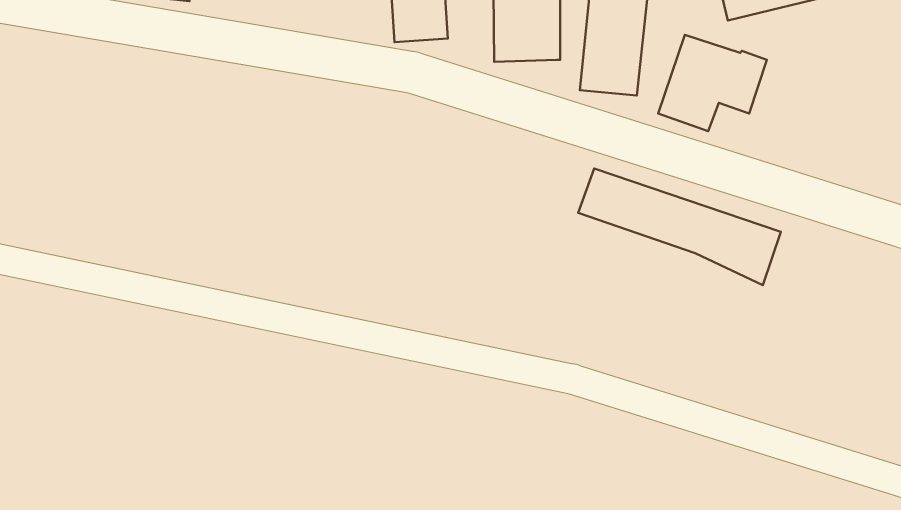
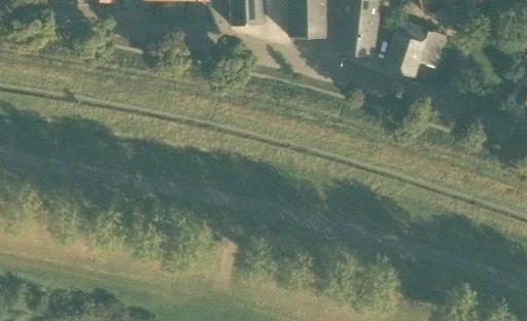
building: [578,168,781,285] -> none

